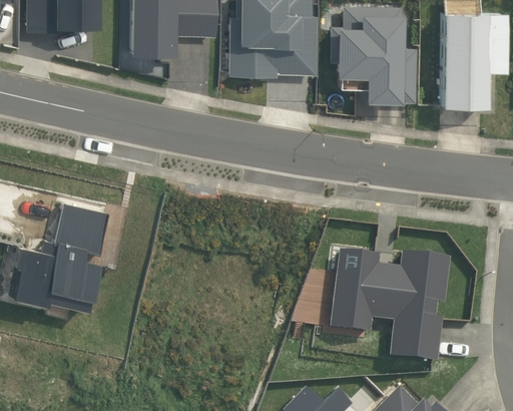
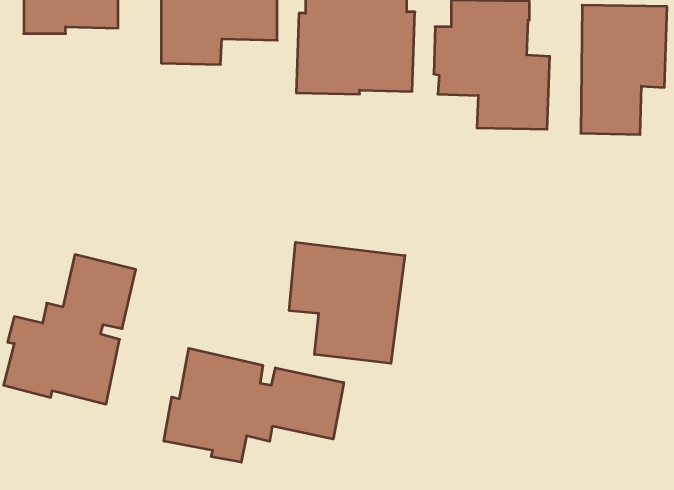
building: none -> [289,242,405,363]
building: [332,249,451,361] -> none
building: none -> [164,348,344,462]

